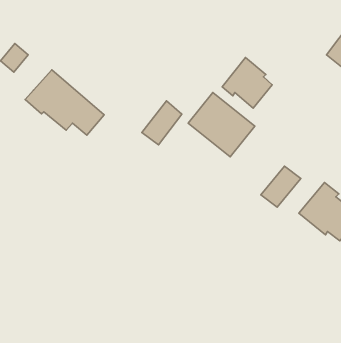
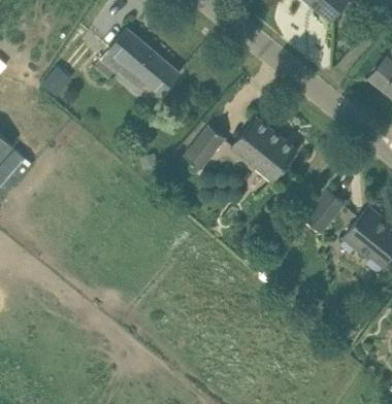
building: [222,58,272,108] -> none
building: [25,70,104,135] -> [100,30,179,96]

